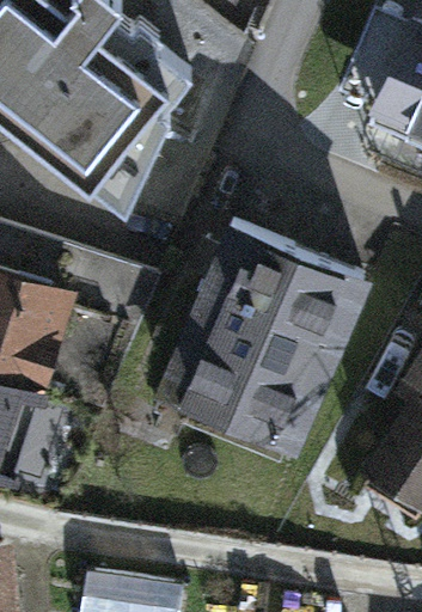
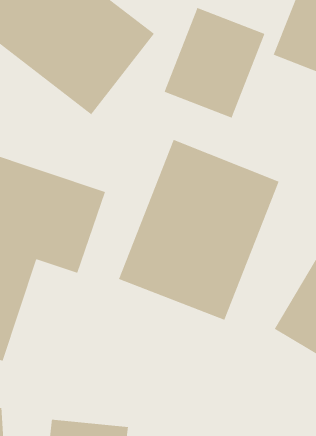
building: none -> [164,7,265,119]

